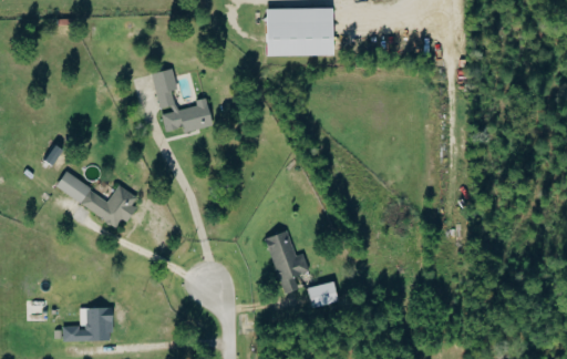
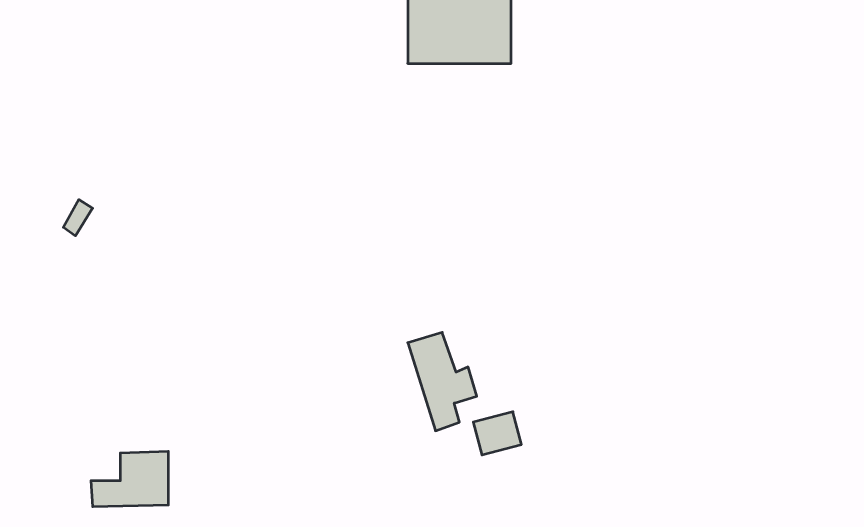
building: [152,69,212,132] -> none
building: [55,171,138,228] -> none

